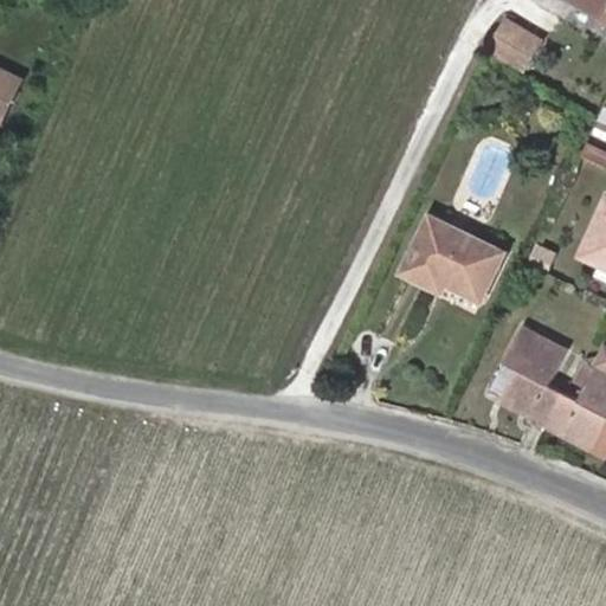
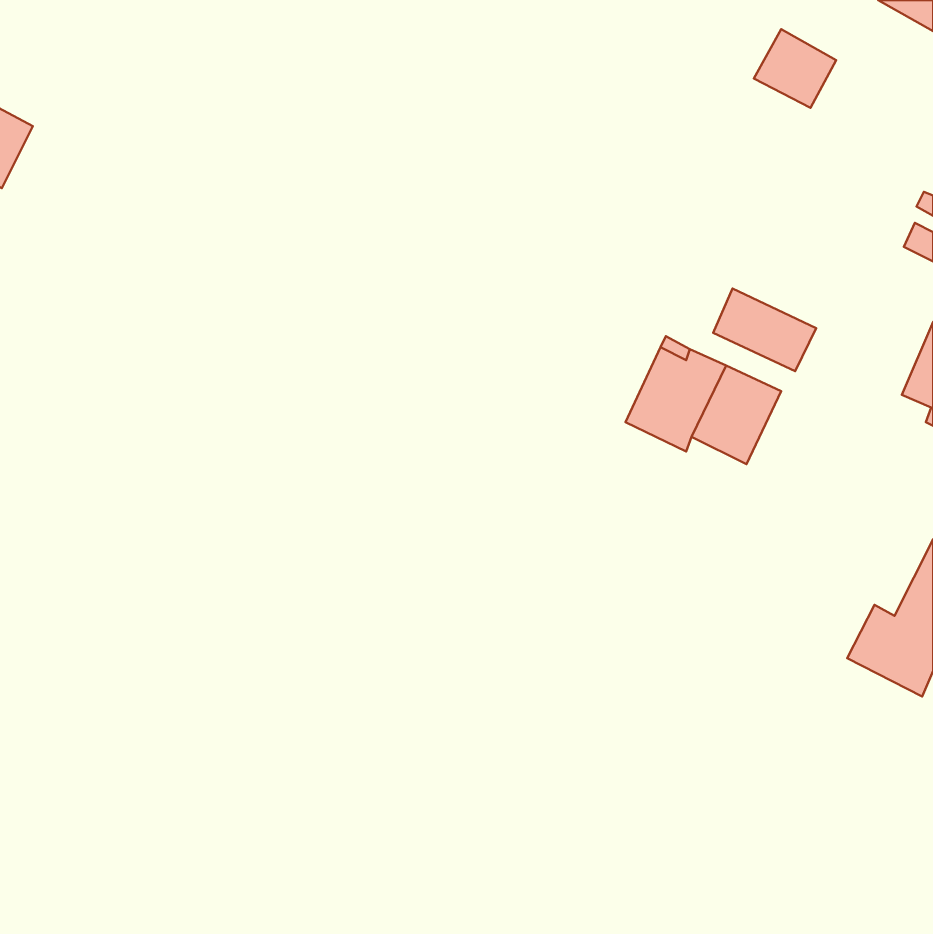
building: none -> [713,289,816,371]
building: [491,325,568,426] -> none

